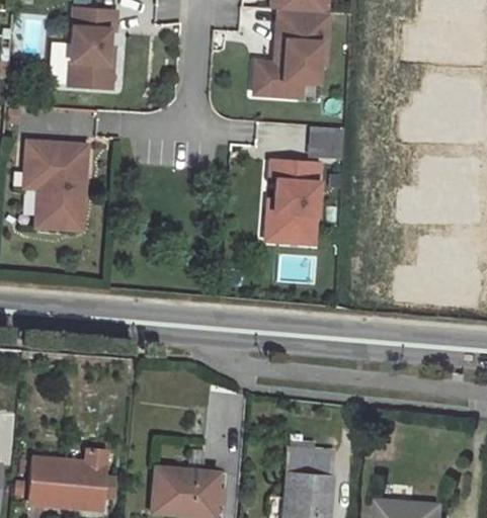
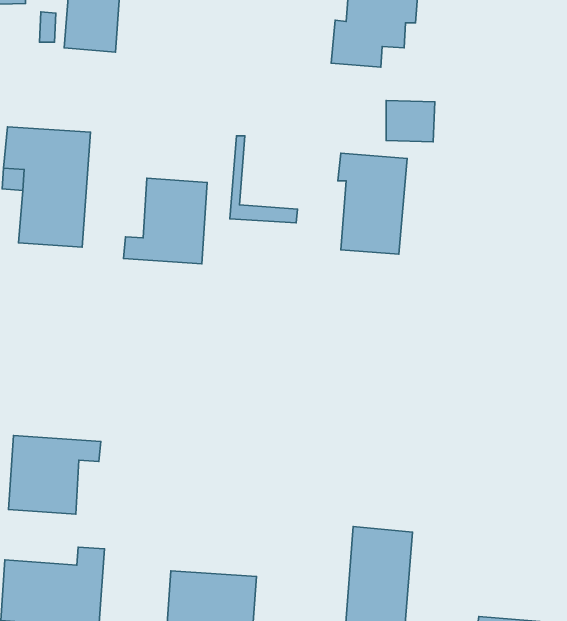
building: none -> [124,178,207,264]
building: [267,182,317,246] -> [230,136,297,223]
building: none -> [8,435,101,514]

